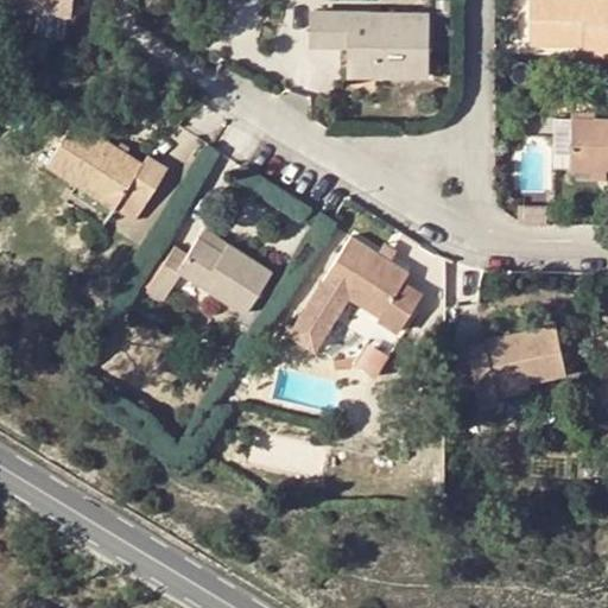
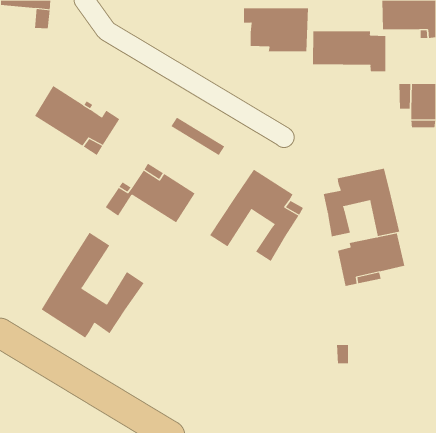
building: [311,13,349,49] -> none
building: none -> [312,30,386,72]
building: none -> [323,168,400,237]
building: none -> [41,232,145,339]

